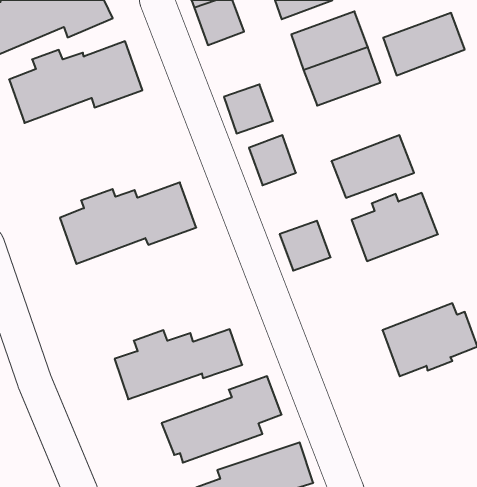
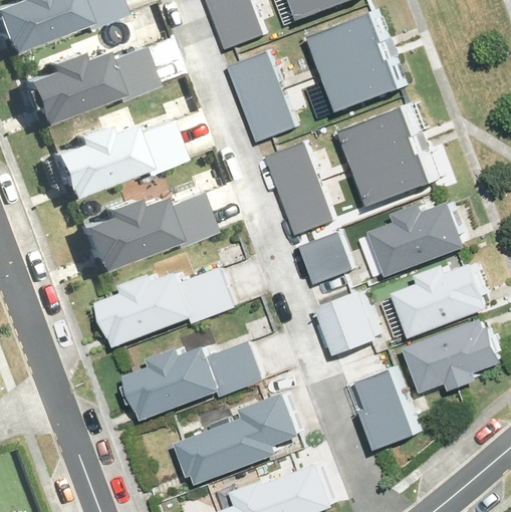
building: [383,13,465,75] -> [337,104,423,170]
building: none -> [225,50,276,102]
building: none -> [36,108,181,205]
building: none -> [279,182,328,234]
building: none -> [393,262,486,334]
building: none -> [90,263,237,350]
building: none -> [315,291,376,355]
building: none -> [356,366,416,448]

